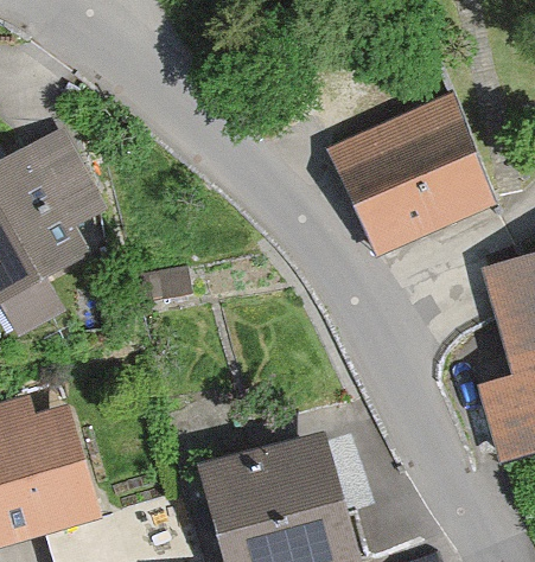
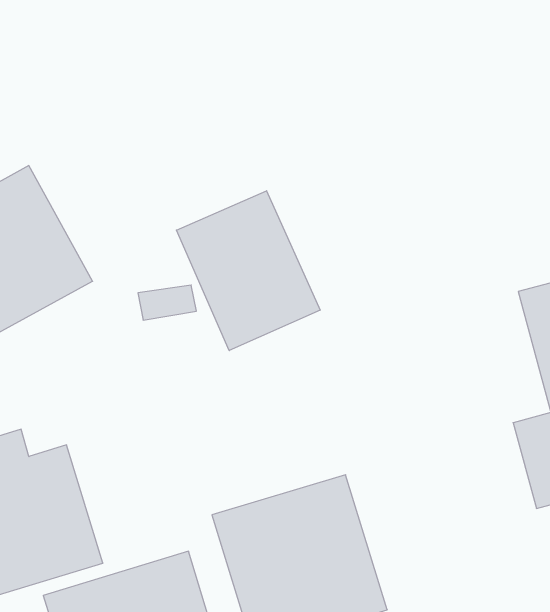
building: [321,88,499,261] -> none
building: none -> [176,191,320,351]

